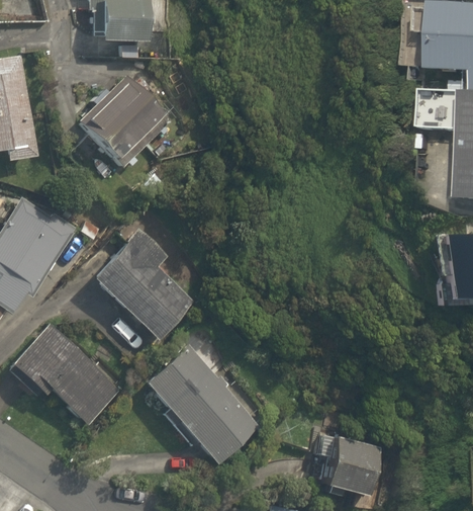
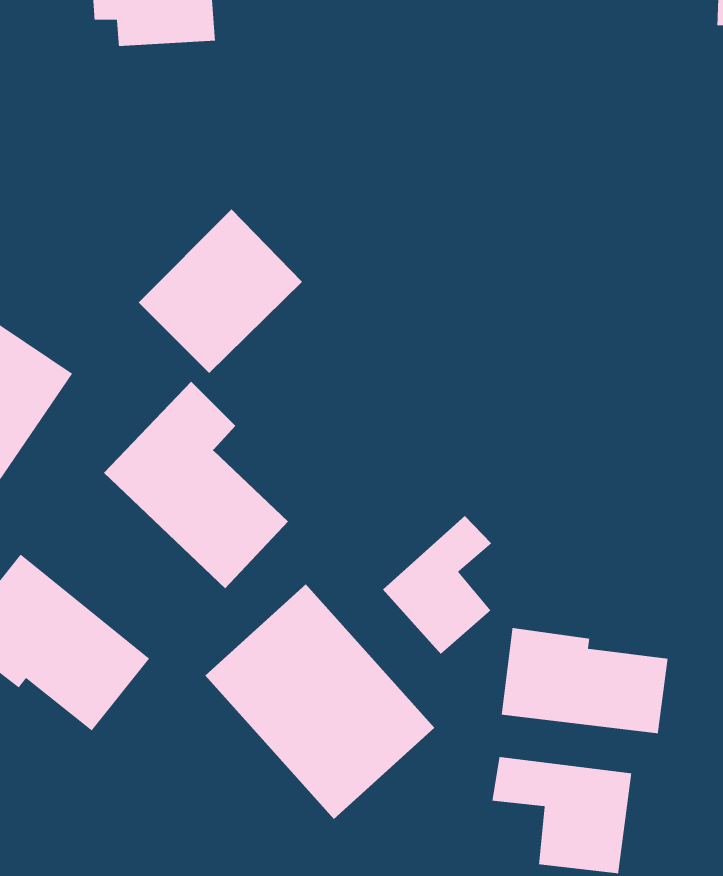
building: [77,69,166,158] -> [138,209,303,374]
building: none -> [382,515,492,655]
building: none -> [501,627,669,734]

